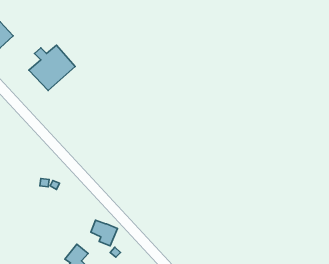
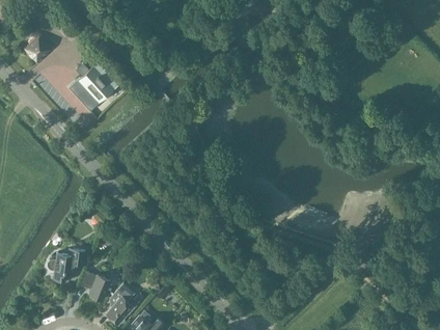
building: none -> [47,250,85,281]
building: [91,220,118,246] -> [80,272,110,301]

